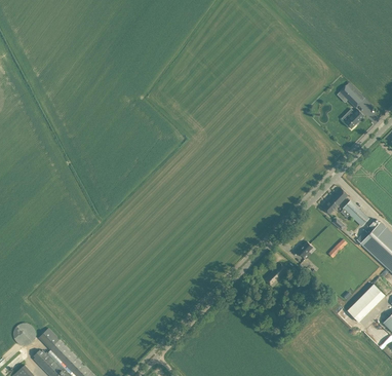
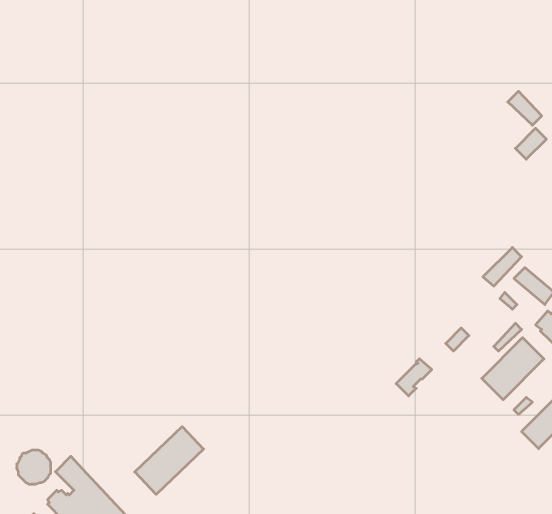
building: none -> [482,338,544,400]
building: none -> [135,427,204,494]

